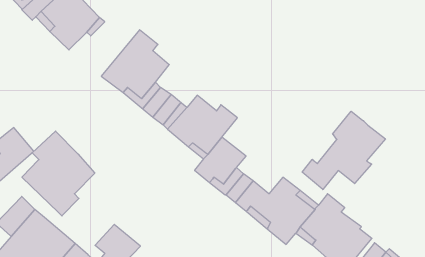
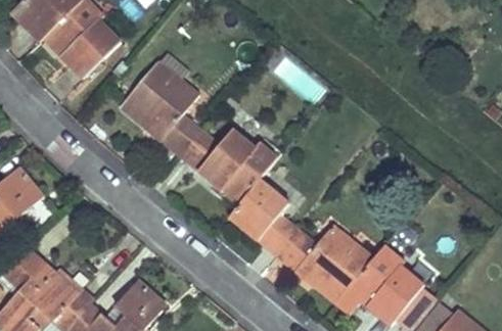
building: [302,111,385,190] -> none
building: [22,131,95,216] -> none

